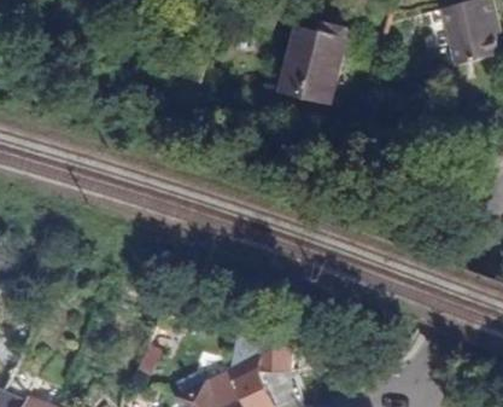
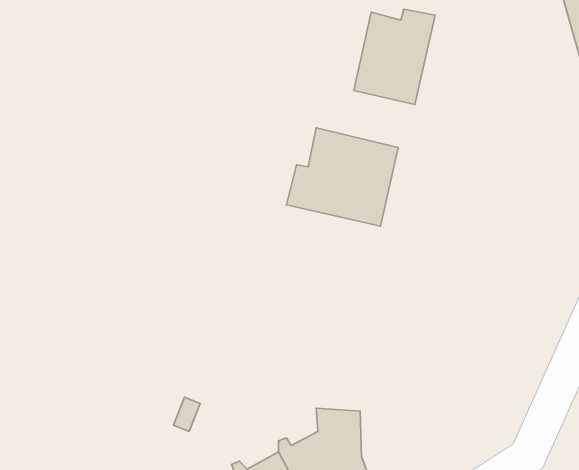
building: none -> [286,128,398,226]

